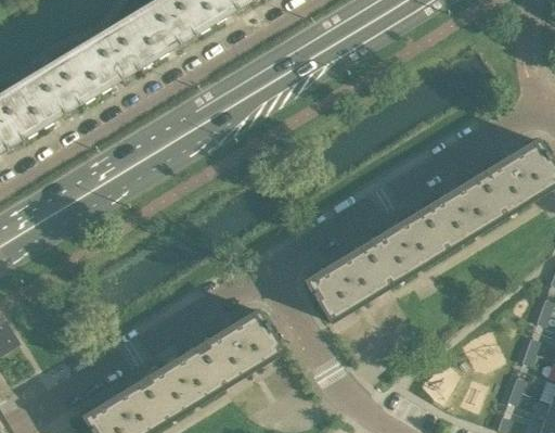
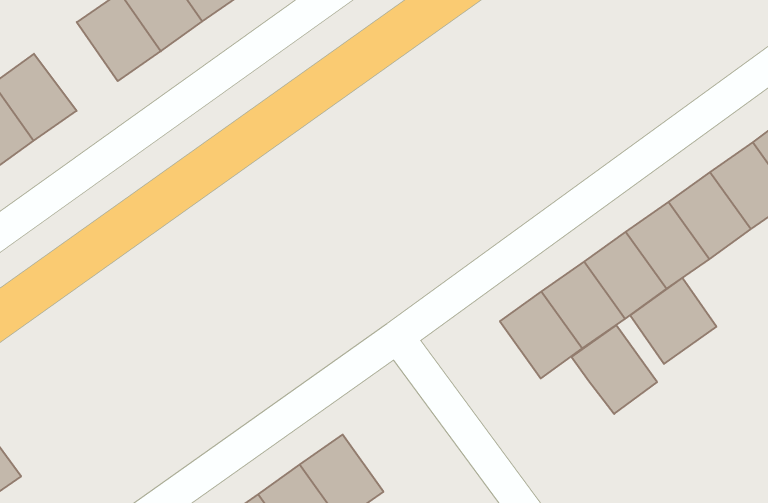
building: [44,48,98,105] -> none
building: none -> [630,278,716,364]
building: [304,262,358,319] -> [572,325,657,414]
building: [227,308,280,367] -> none

